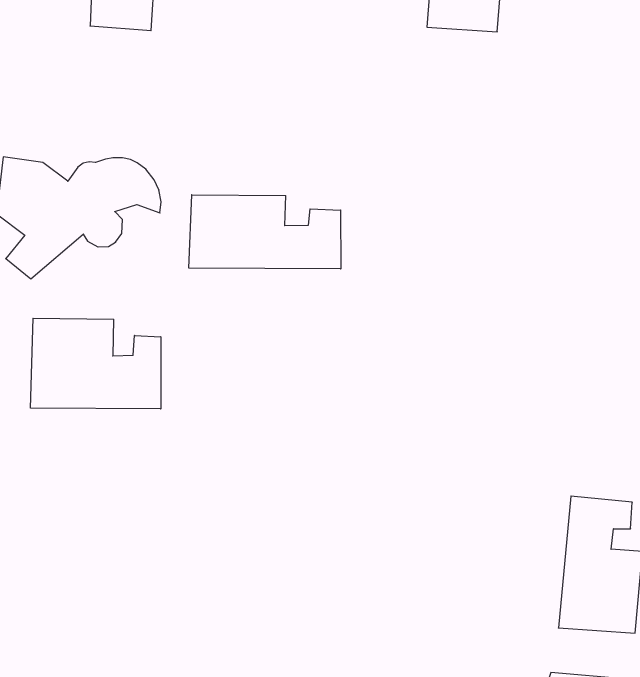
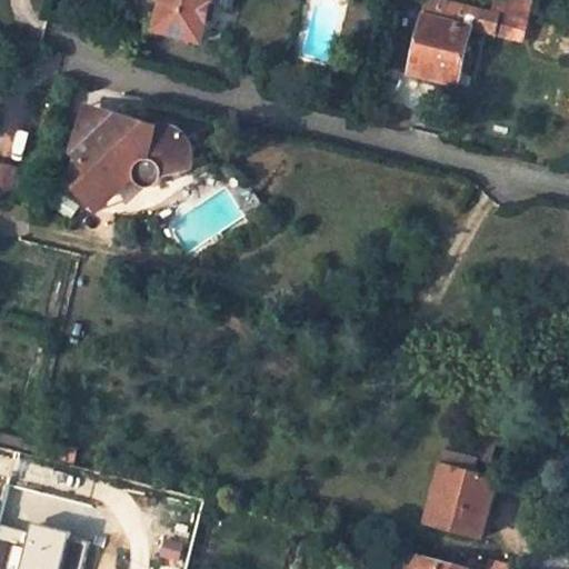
building: [189,195,341,269] -> none
building: [31,318,161,409] -> none

